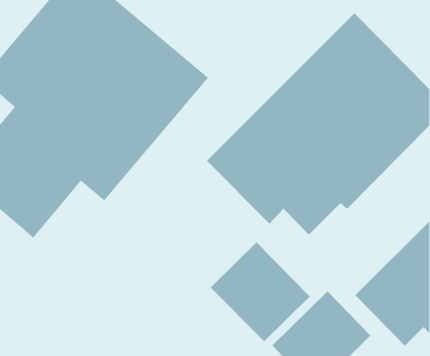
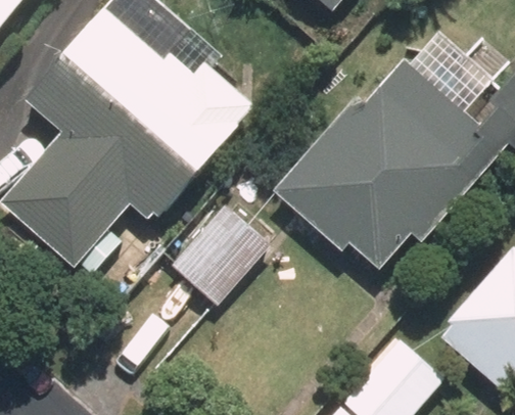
building: none -> [166,196,272,306]
building: [210,242,311,342] -> none

